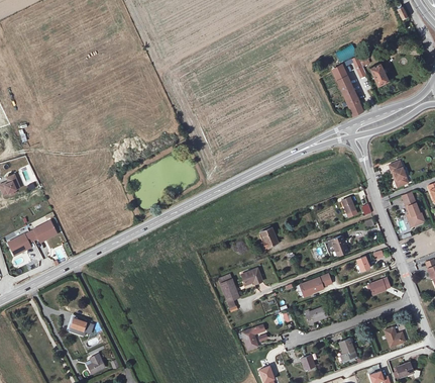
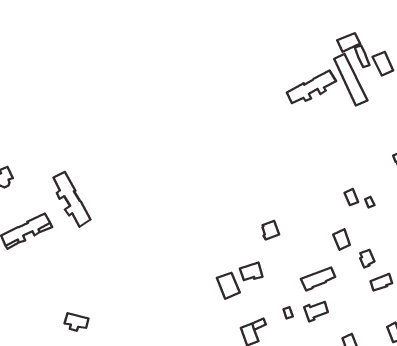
building: none -> [287,71,336,103]
building: none -> [54,172,91,227]

